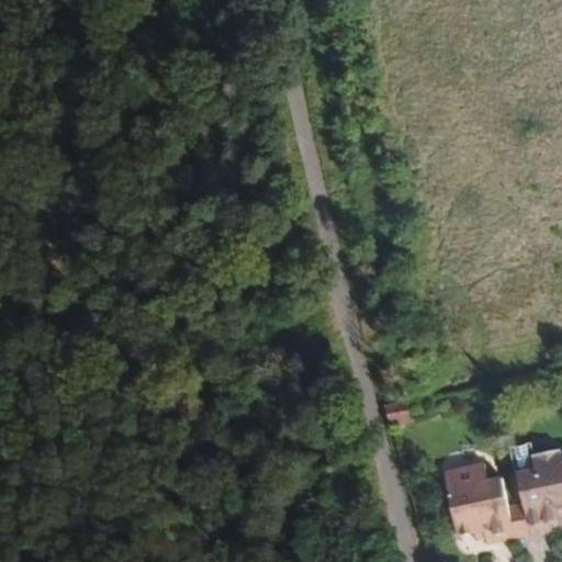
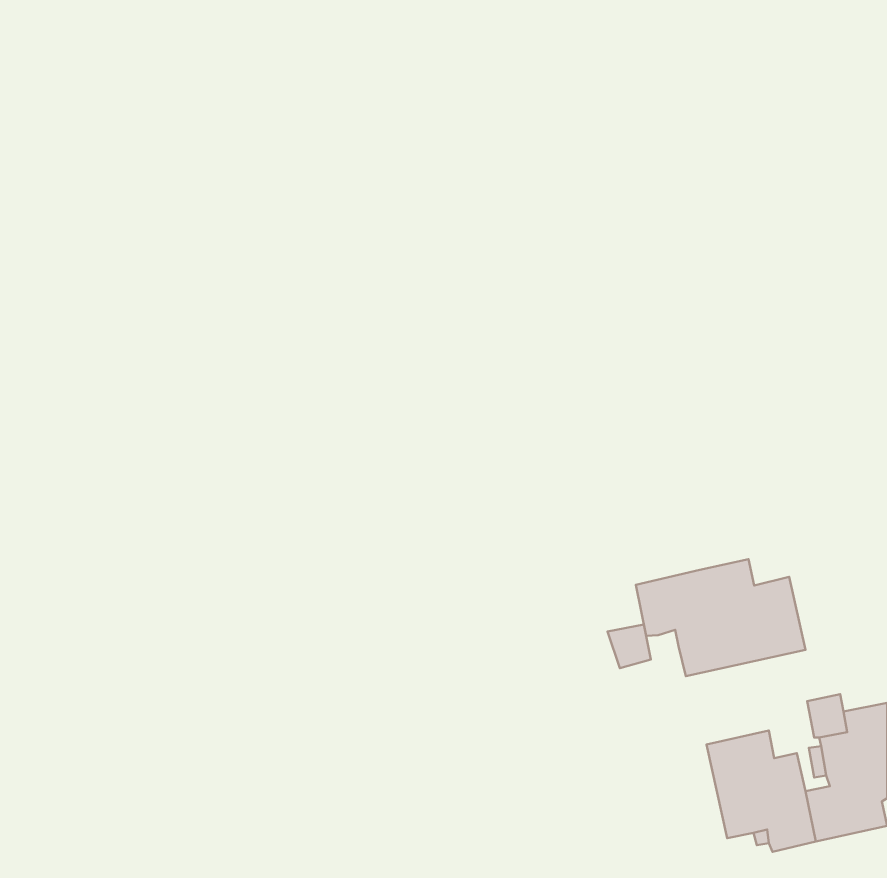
building: none -> [636,559,805,676]

